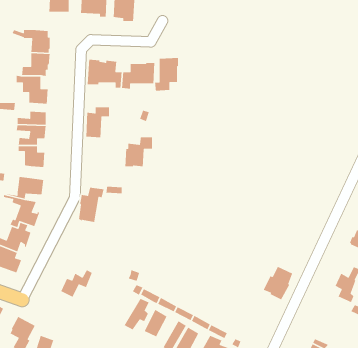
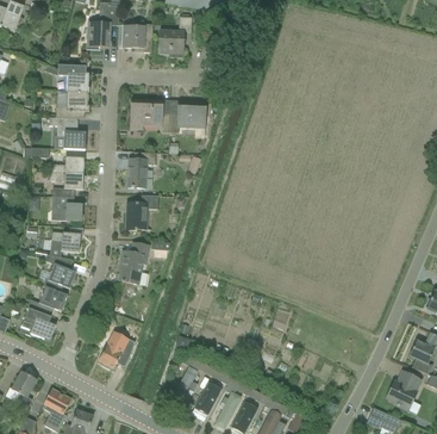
building: [154,57,179,92] -> none
building: [124,137,153,167] -> [125,194,157,229]
building: [263,266,293,301] -> [386,370,420,409]

